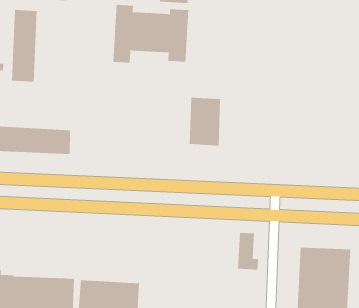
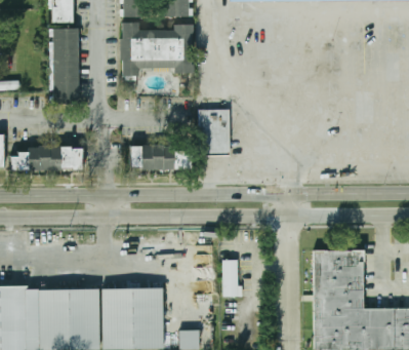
building: [11,9,37,82] -> [55,25,79,94]
building: none -> [131,142,189,169]
building: [237,232,259,270] -> [221,262,242,298]

